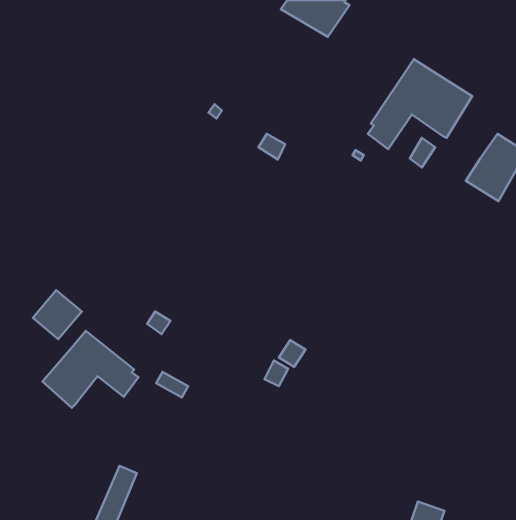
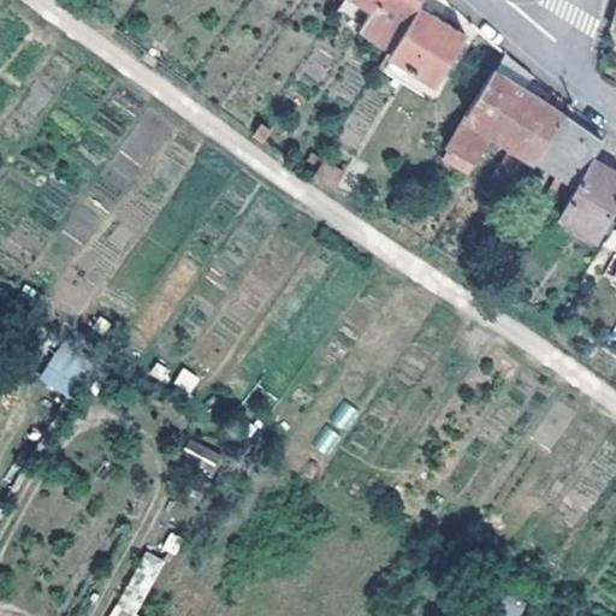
building: none -> [390,8,464,82]
building: none -> [533,116,602,189]
building: [42,331,139,408] -> none

